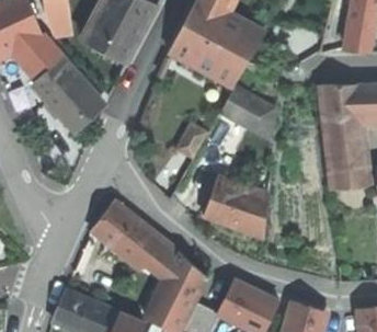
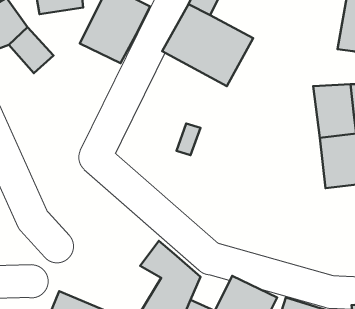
building: [30,56,98,126] -> none
building: [220,87,276,141] -> none
building: [204,182,269,239] -> none
building: [94,203,165,270] -> none

